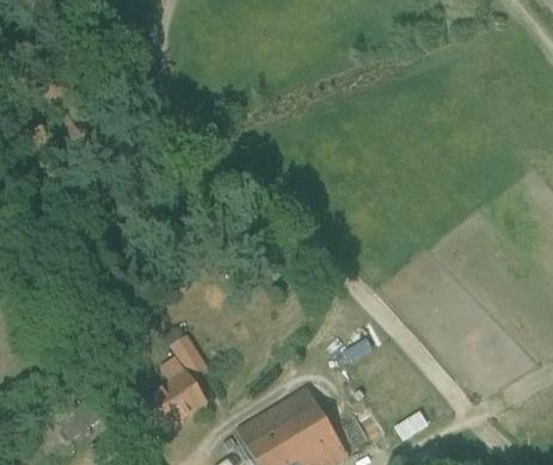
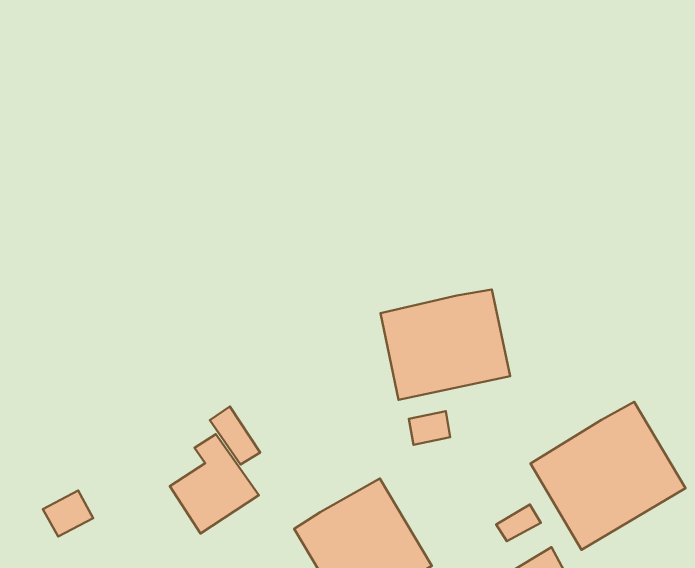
building: none -> [380,289,510,400]
building: none -> [531,402,685,550]

